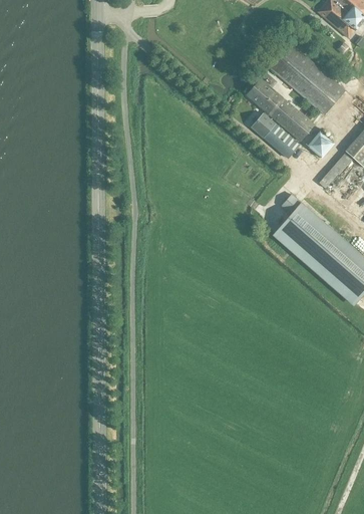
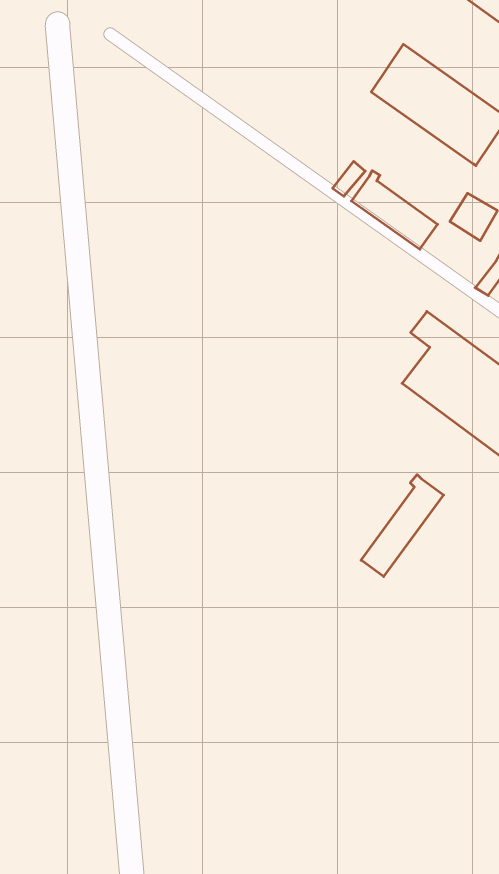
building: [246,79,314,141] -> none
building: none -> [361,475,444,577]

